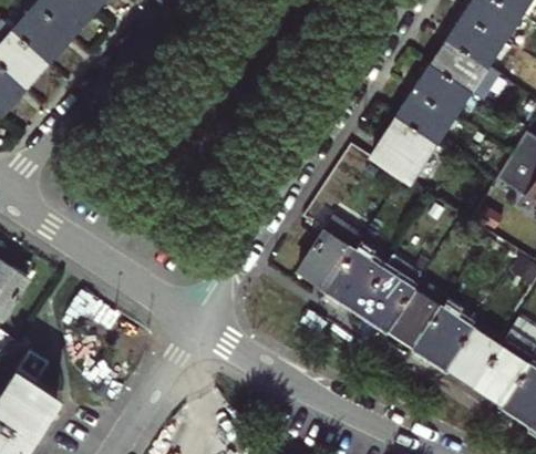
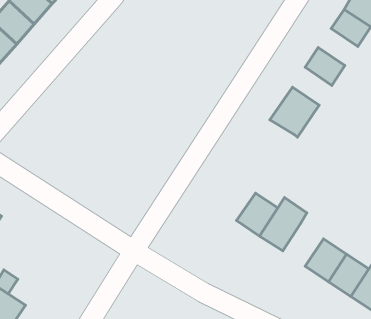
building: [434,42,485,90] -> none
building: [401,92,452,141] -> none
building: [299,220,362,289] -> none
building: [389,292,441,348] -> none

